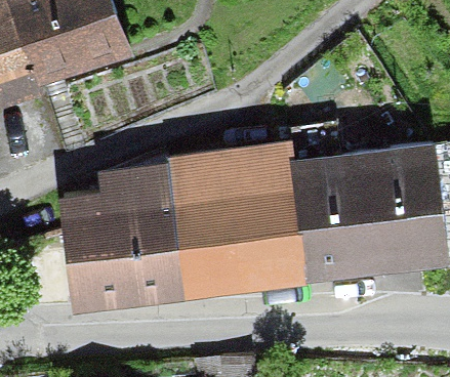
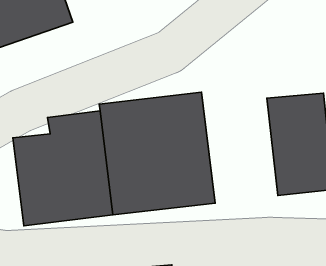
building: [289,152,379,279] -> none

